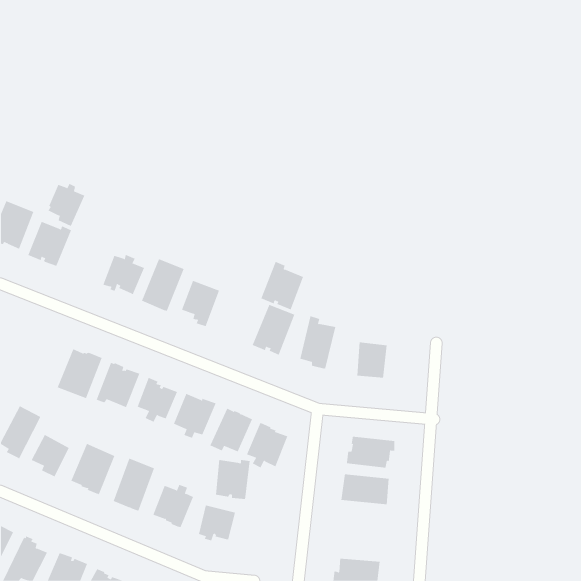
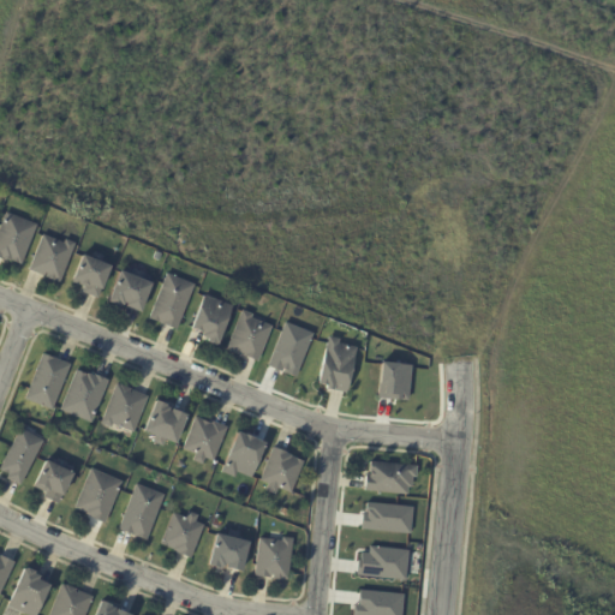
building: [47,183,85,226] -> [73,251,113,297]
building: [260,261,304,310] -> [228,308,274,359]
building: none -> [26,352,72,407]
building: [215,460,250,499] -> [257,537,294,579]
building: none -> [356,544,407,578]

